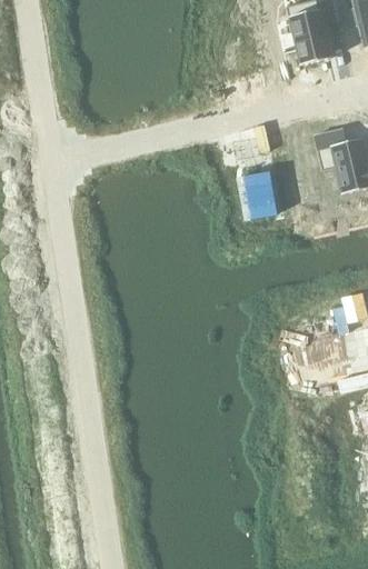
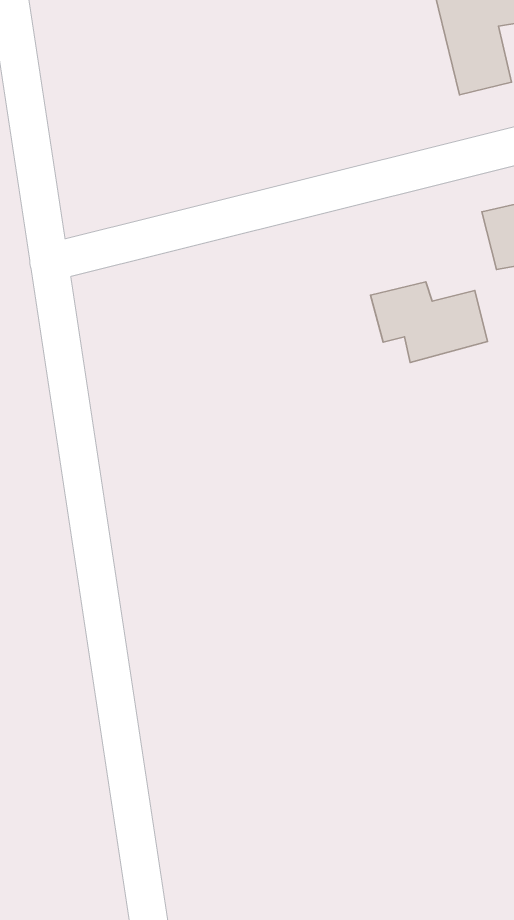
building: none -> [370,282,488,363]

